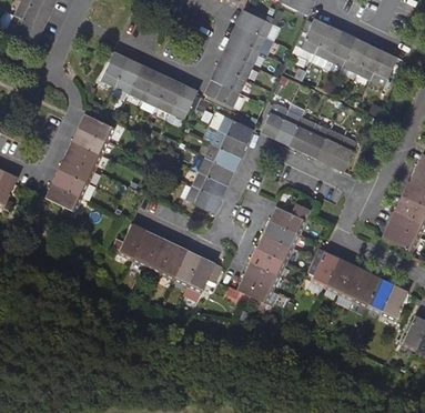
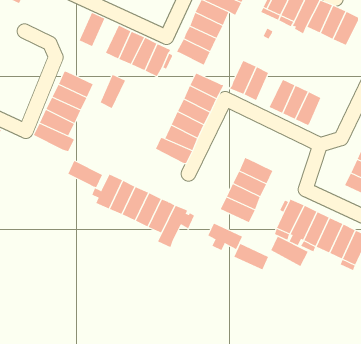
building: [114,58,142,94] -> [100,74,126,109]
building: [289,115,316,152] -> none
building: [44,182,82,211] -> [67,160,103,187]
building: [243,261,281,290] -> [233,243,269,270]
building: none -> [271,236,308,267]

